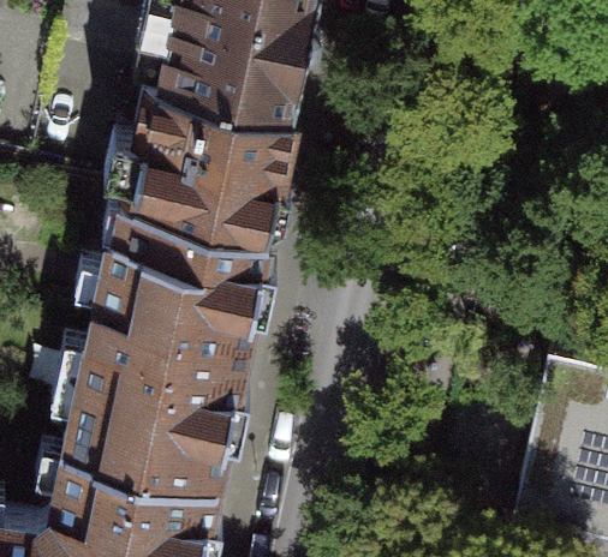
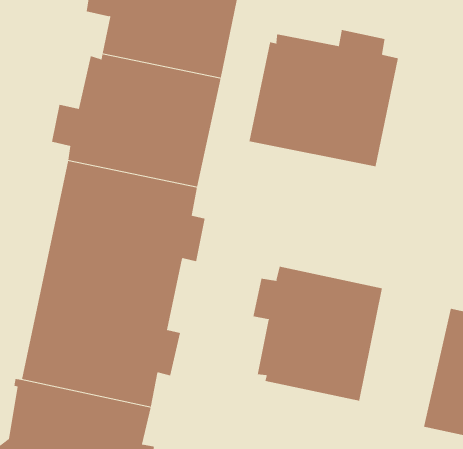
building: none -> [249,29,399,167]
building: none -> [253,266,382,401]

